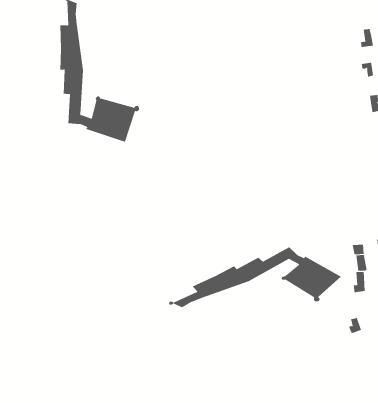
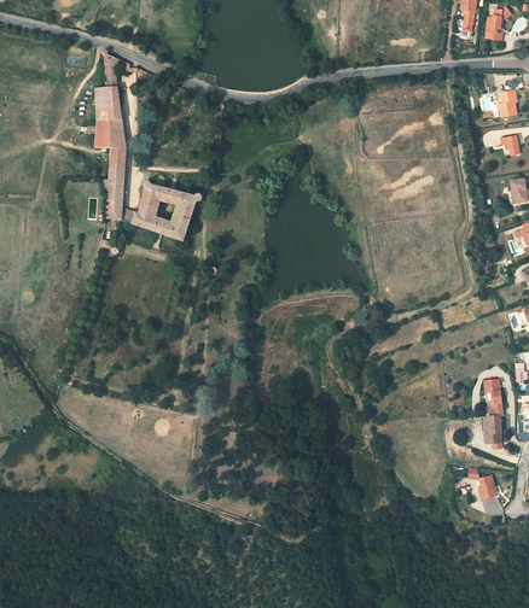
building: [169,246,342,308] -> none

